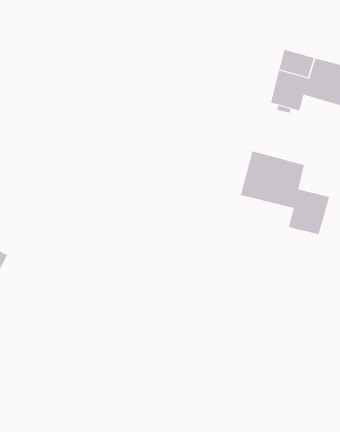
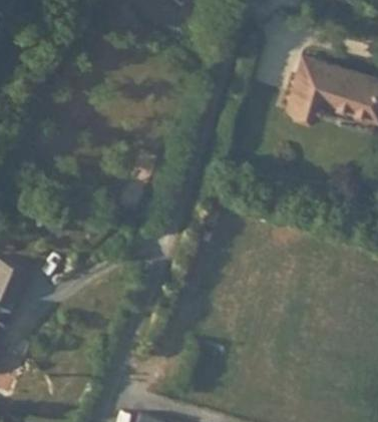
building: [240,150,330,235] -> none

